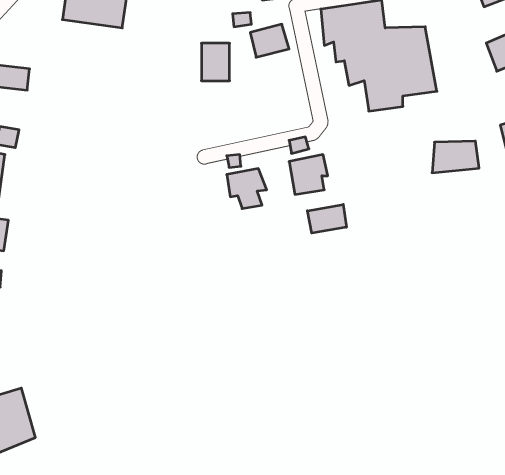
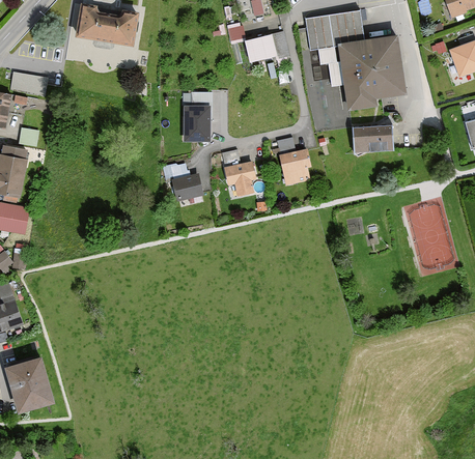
building: [201,43,230,81] -> [185,104,209,137]
building: [432,141,479,173] -> [354,126,395,154]
building: none -> [172,173,203,205]
building: [307,204,346,233] -> none

